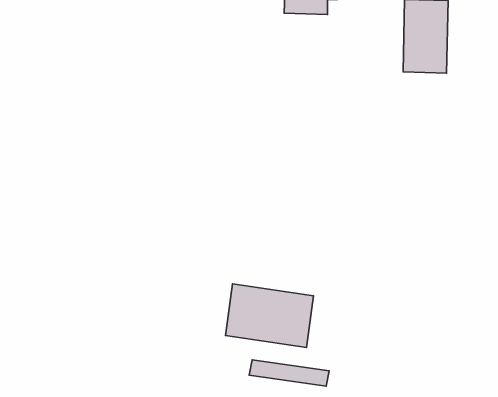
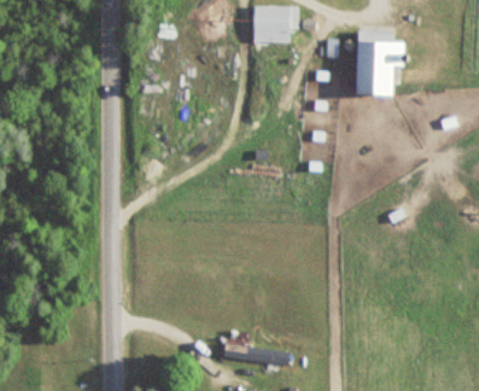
building: [226,284,314,347] -> none

